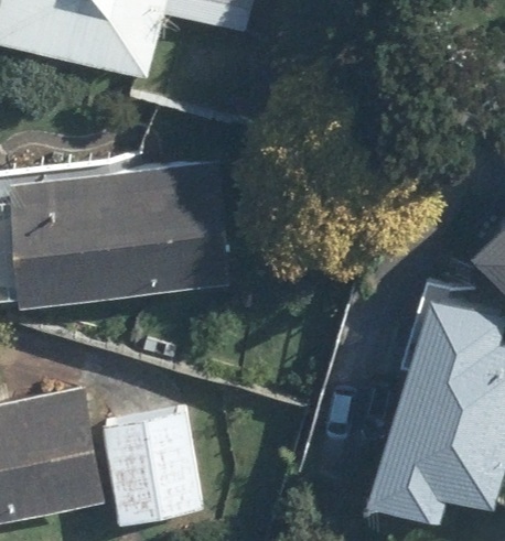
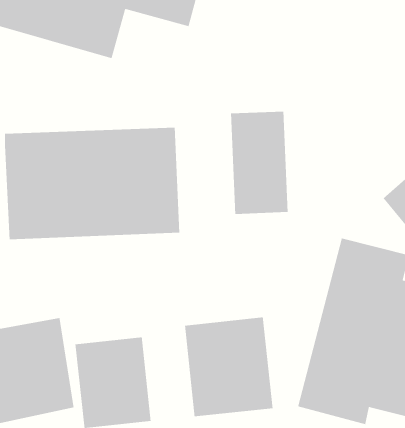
building: none -> [230,111,288,215]
building: none -> [184,317,274,417]

